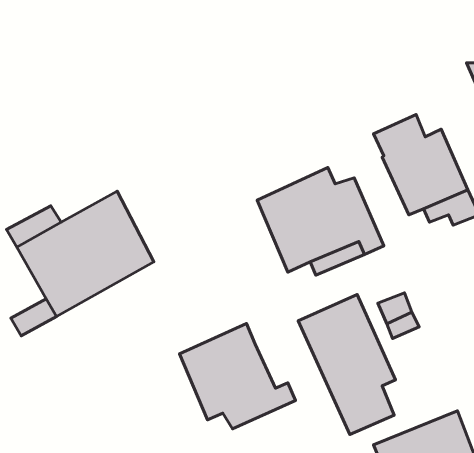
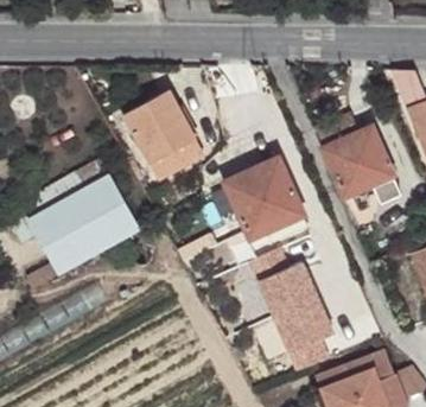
building: none -> [121,89,204,179]
building: [180,324,295,429] -> none

